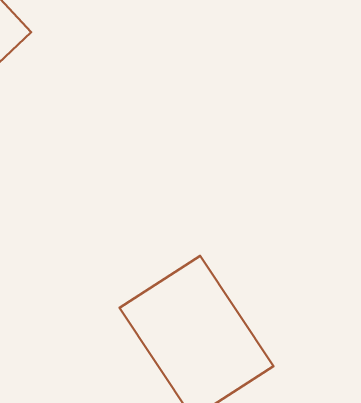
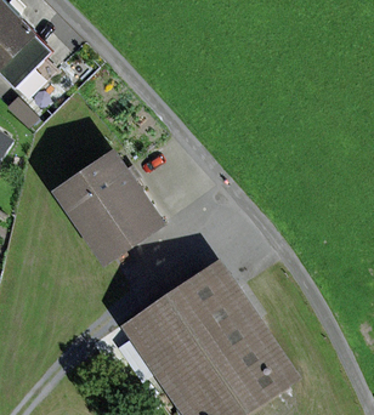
building: none -> [53,152,157,261]

